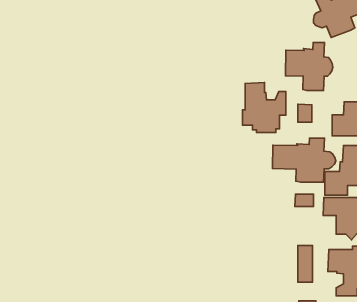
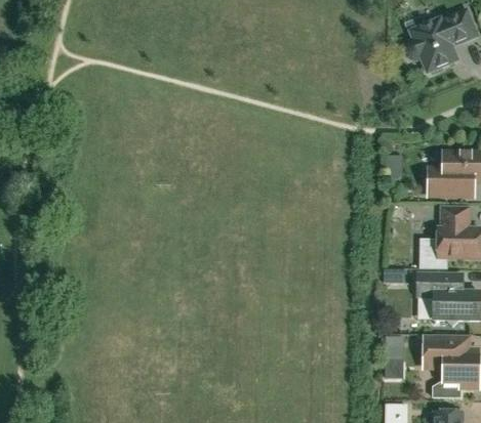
building: [285,42,333,91] -> none
building: [242,83,286,133] -> none
building: [272,138,336,182] -> none

